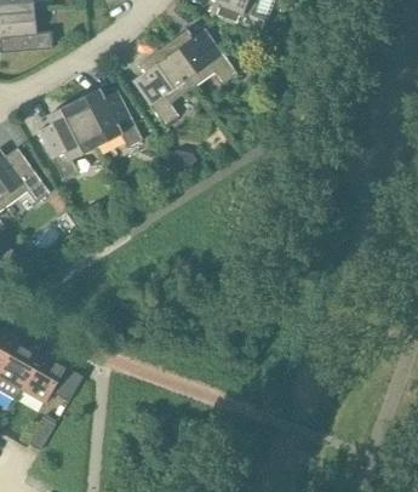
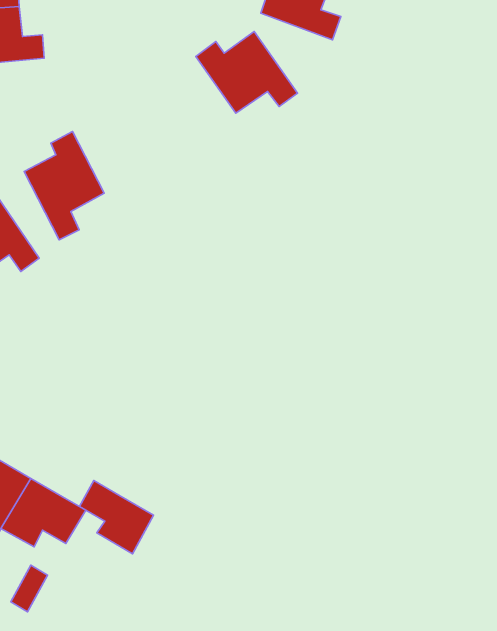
building: [132,46,191,125] -> none
building: [73,90,143,147] -> none
building: none -> [80,481,153,554]

